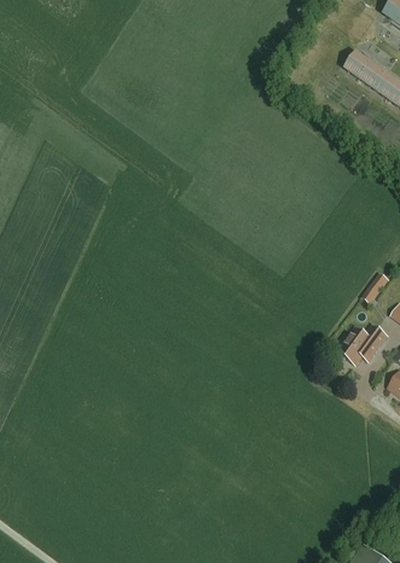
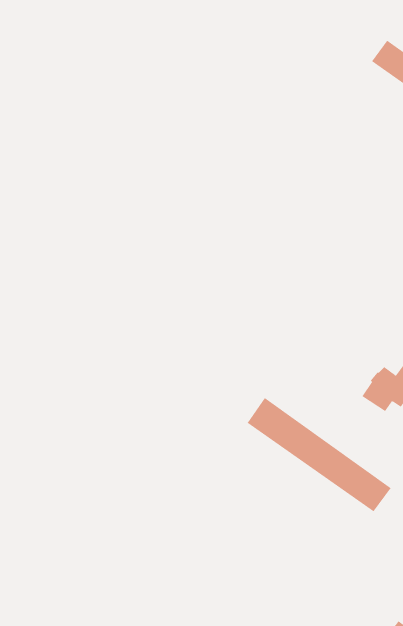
building: none -> [247,397,392,512]

